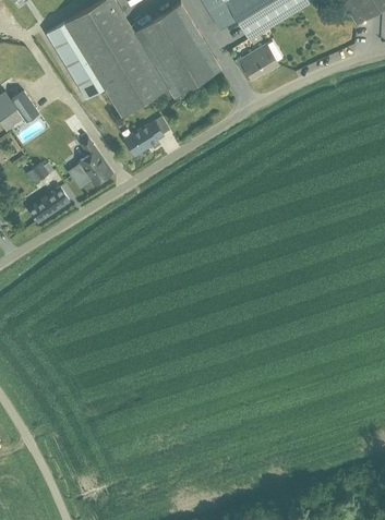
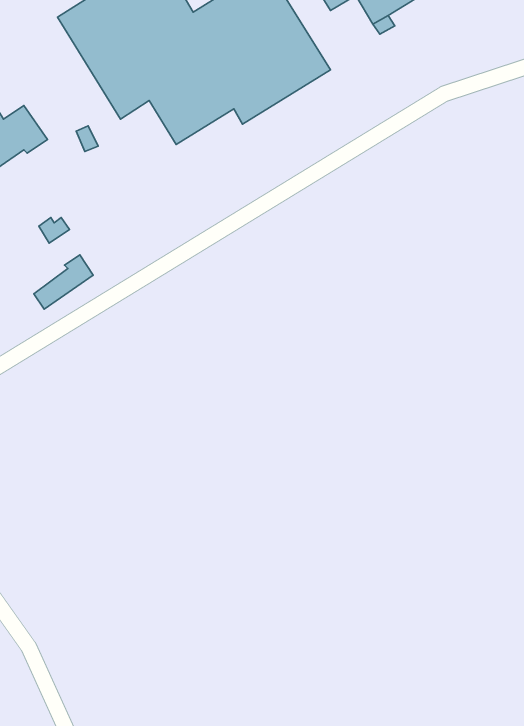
building: [234,44,276,76] -> none
building: [123,117,170,156] -> none
building: [68,138,111,185] -> none

